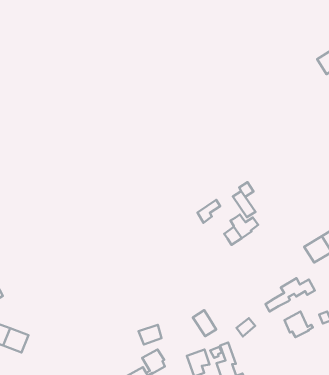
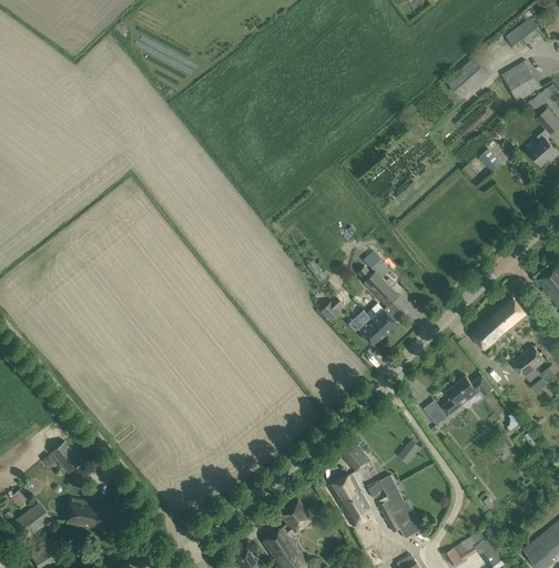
building: [285,312,313,337] -> none
building: [138,325,162,344] -> [327,473,359,501]

